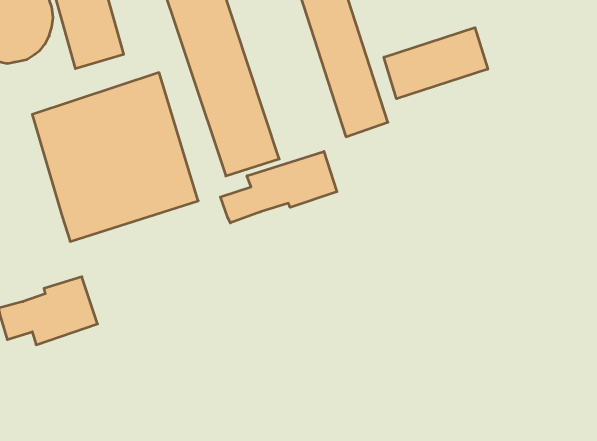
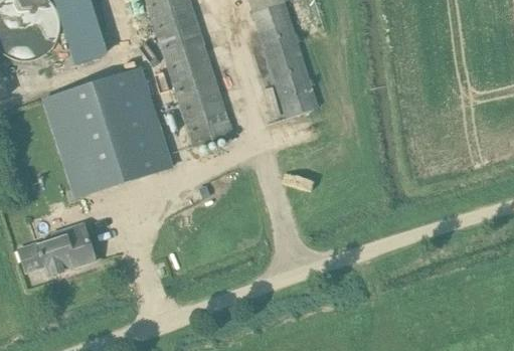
building: [384,28,488,99] -> none
building: [220,151,337,223] -> none

